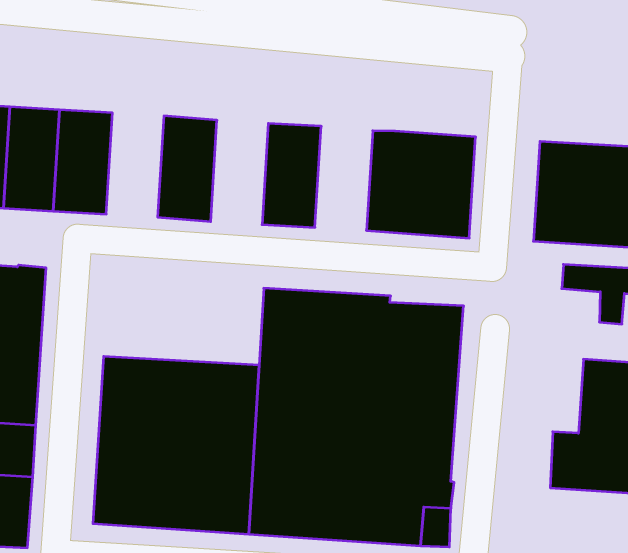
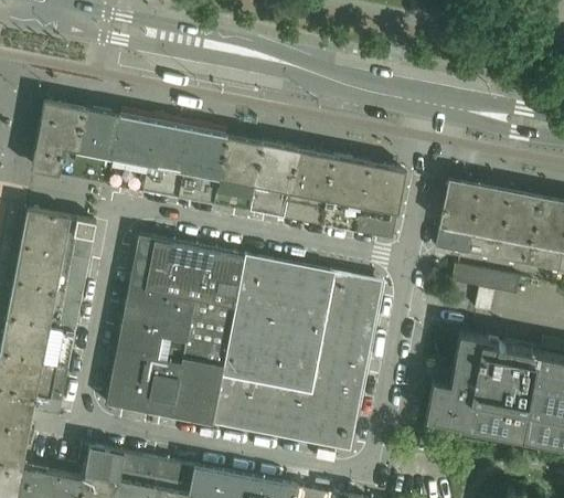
building: none -> [142,120,191,197]
building: none -> [214,135,263,211]
building: none -> [286,148,334,224]
building: none -> [128,234,245,308]

